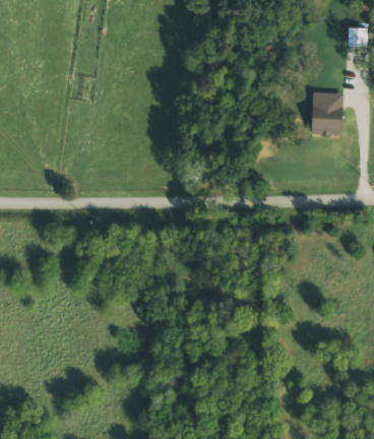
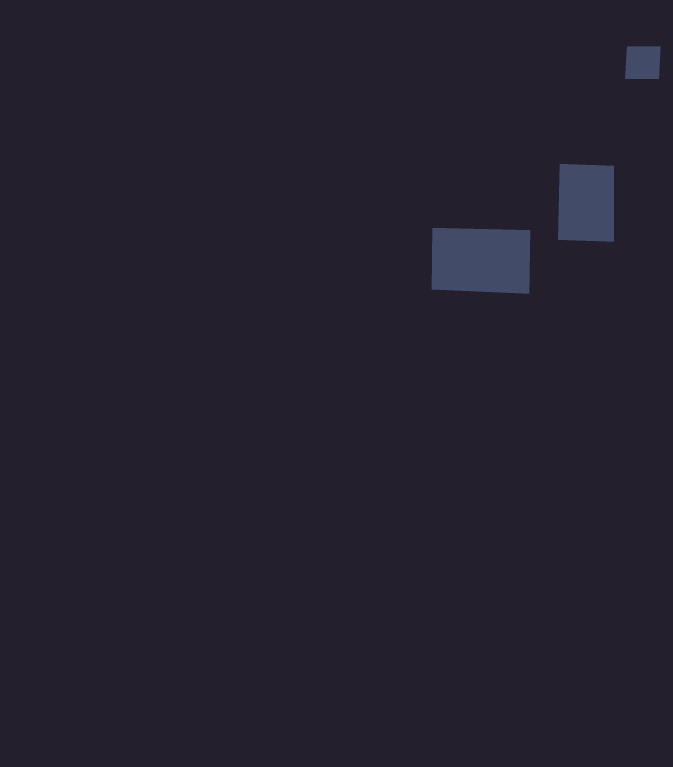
building: none -> [431,227,531,295]

